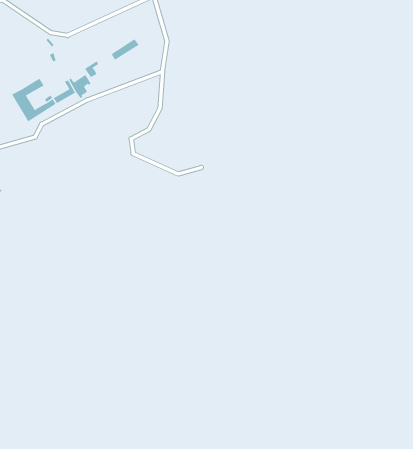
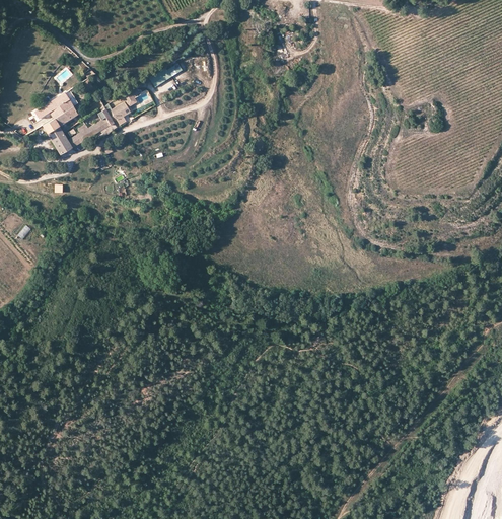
building: none -> [33,93,73,119]

